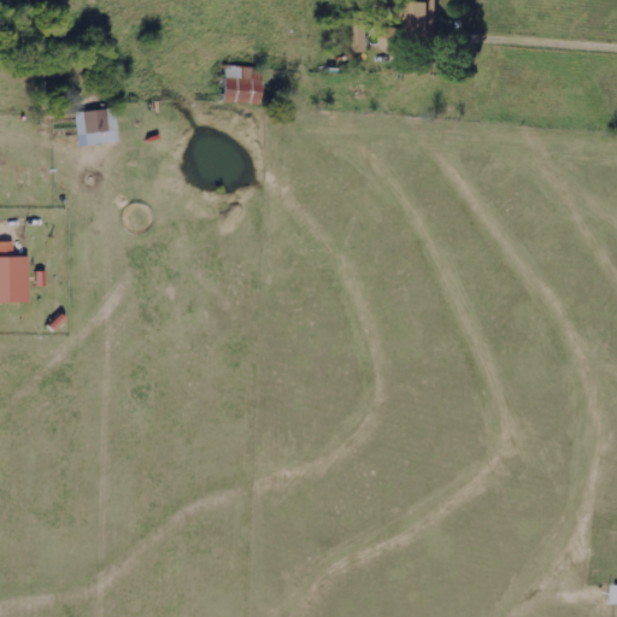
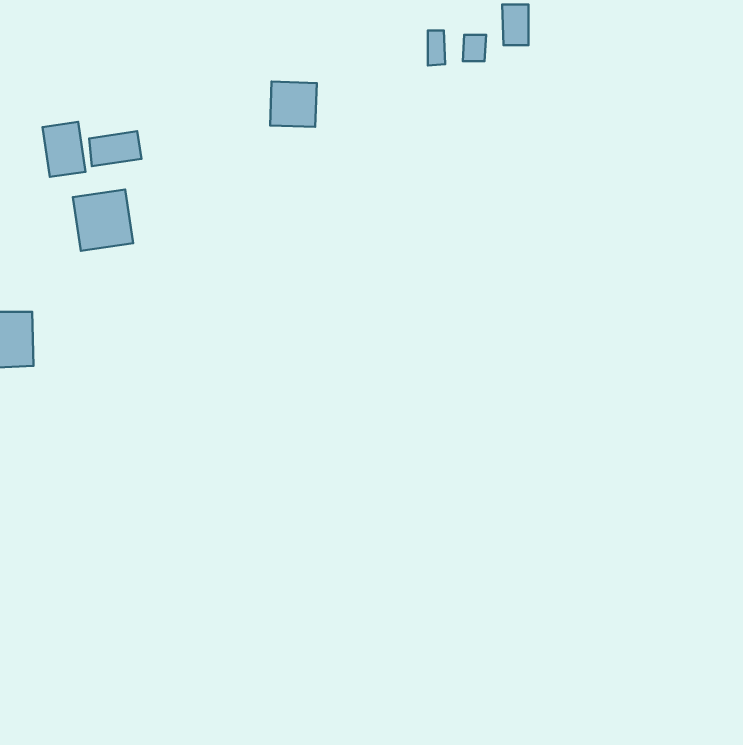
building: none -> [43,122,86,177]
building: none -> [73,189,133,251]

